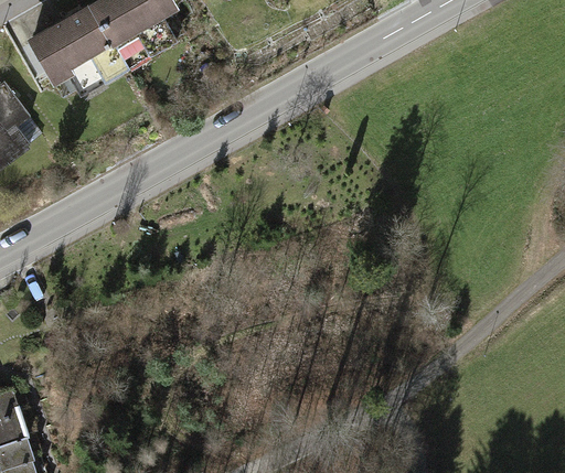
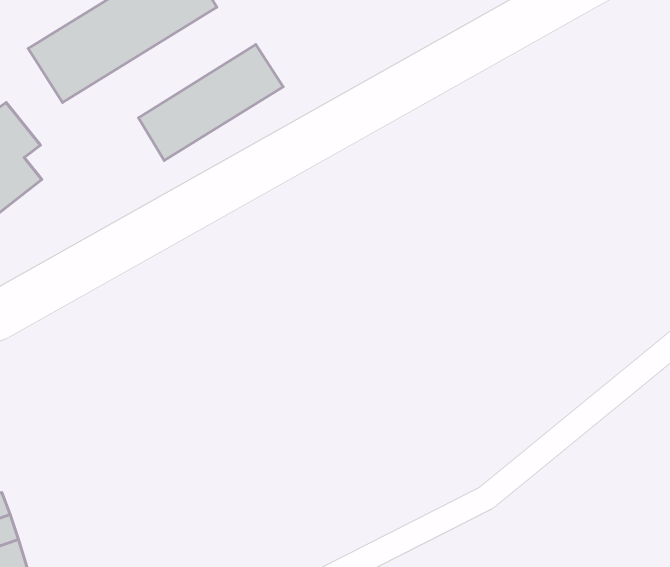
building: none -> [139,45,283,161]

